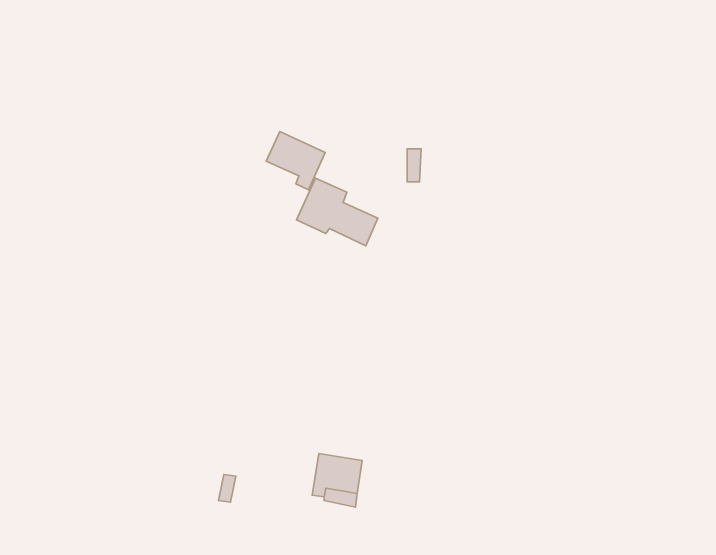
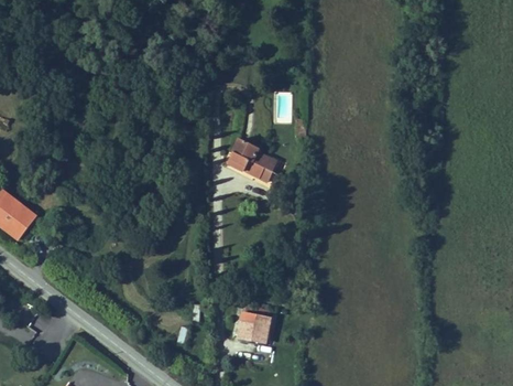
building: [266,131,325,190] -> none

